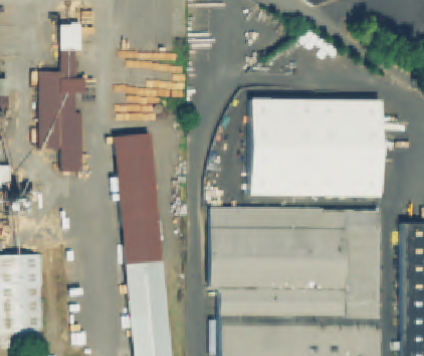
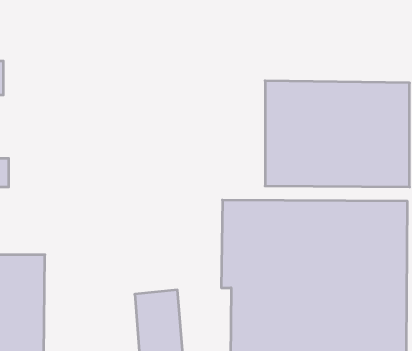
building: [40,32,79,172] -> none
building: [112,135,169,287] -> none

